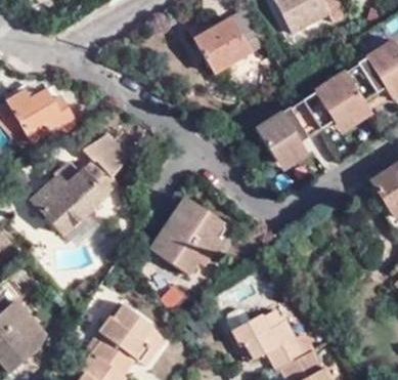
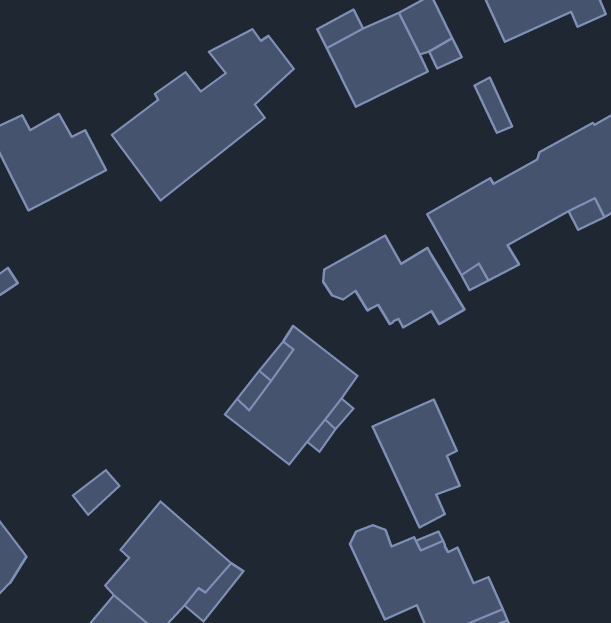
building: [32,138,131,238] -> [112,29,294,200]
building: none -> [323,236,464,328]
building: none -> [372,399,460,528]

